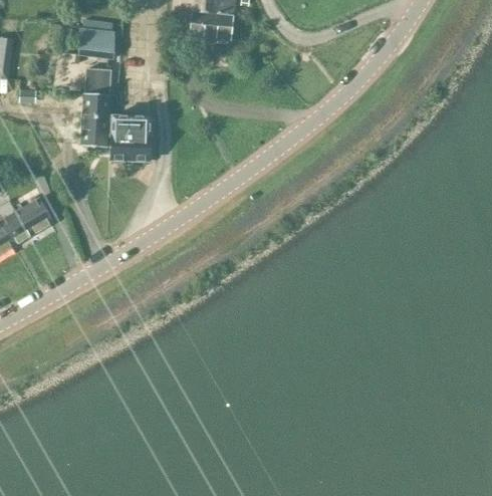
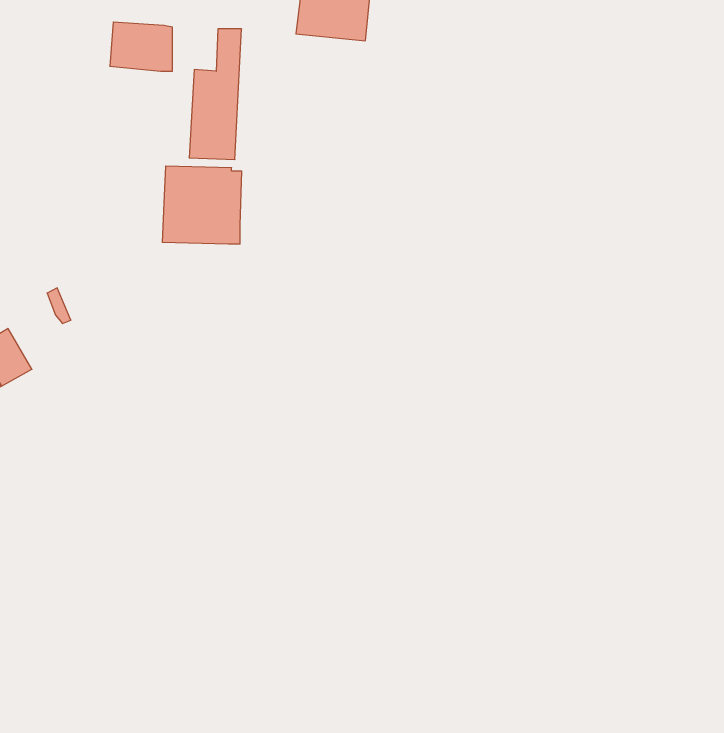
building: [80,67,111,145] -> [189,29,242,159]
building: [18,198,51,233] -> none

